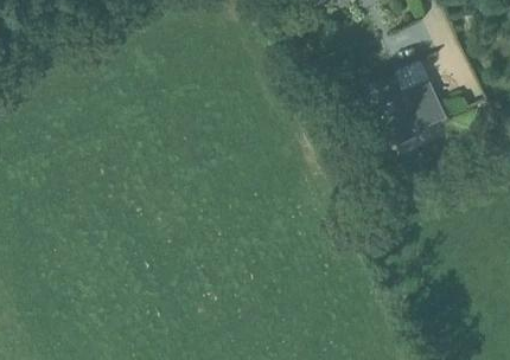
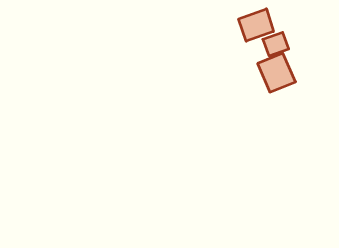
building: none -> [239,9,273,41]

